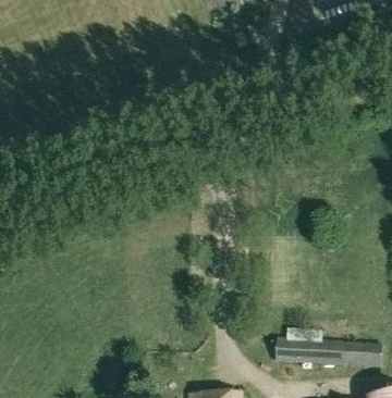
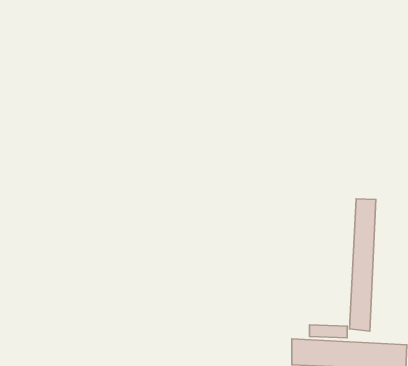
building: none -> [349,199,376,331]

